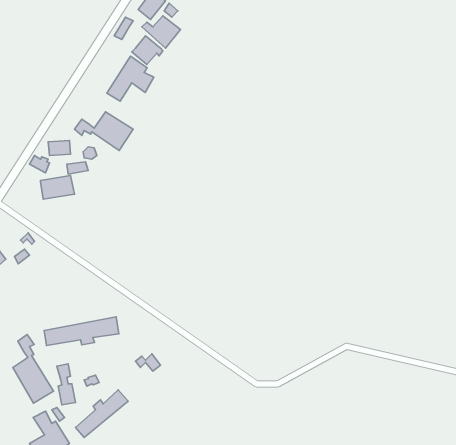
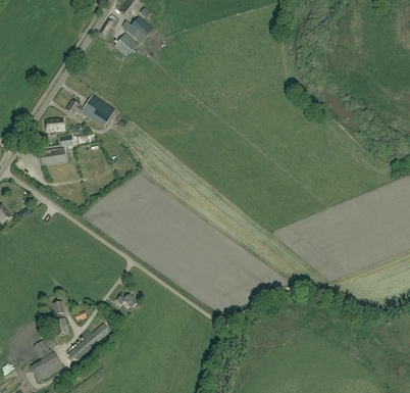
building: [107,56,154,101] -> none
building: [44,317,119,345] -> none
building: [13,334,54,403] -> none

